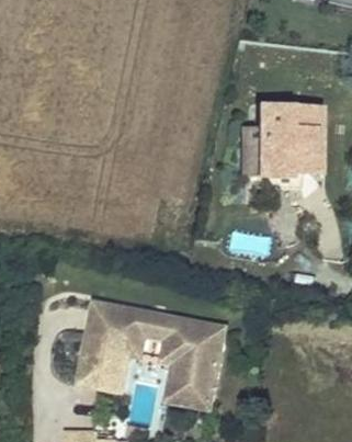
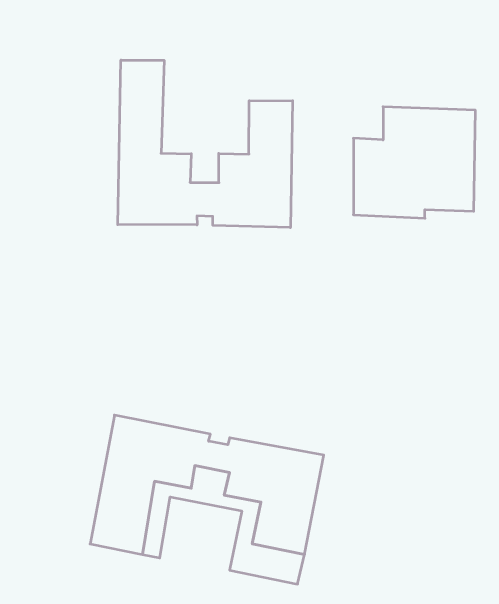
building: none -> [118,60,293,228]

